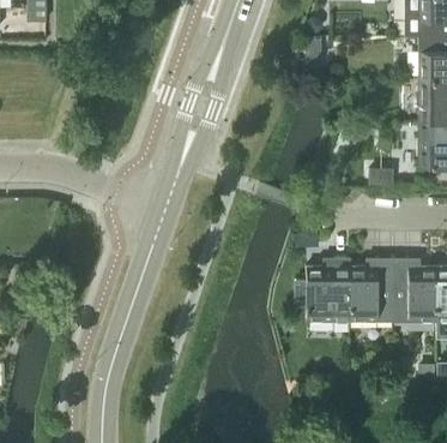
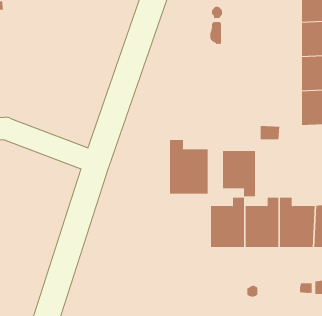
building: none -> [169,139,208,195]
building: none -> [222,150,256,197]

